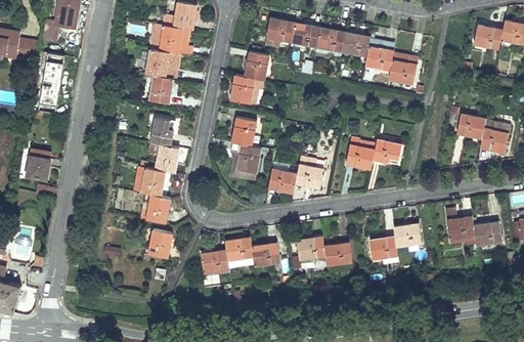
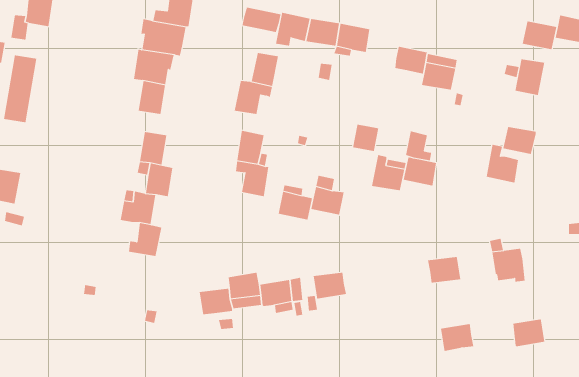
building: none -> [242,7,281,33]
building: [342,32,370,56] -> none
building: none -> [515,59,545,96]
building: none -> [353,124,379,152]
building: none -> [405,131,432,161]
building: [480,120,508,153] -> [486,144,519,183]
building: [474,221,501,245] -> [513,319,545,347]
building: [148,229,172,258] -> none
building: [369,237,398,260] -> [440,324,474,351]
building: [323,242,352,265] -> none

